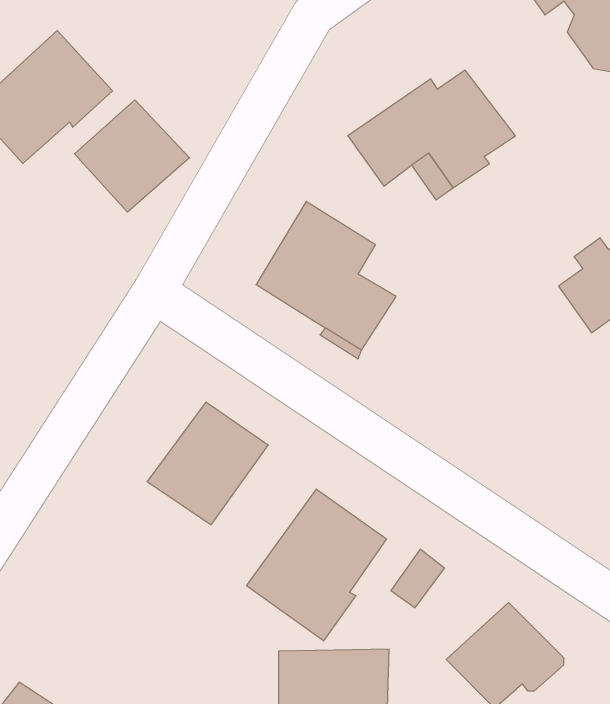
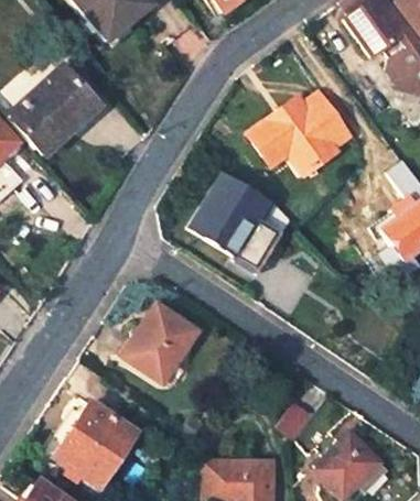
building: [74,100,190,212] -> none
building: [247,489,387,641] -> none
building: none -> [49,399,136,486]

